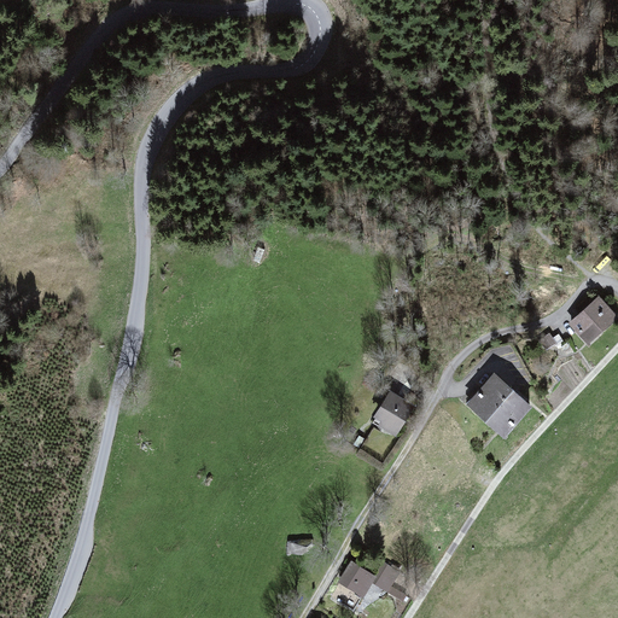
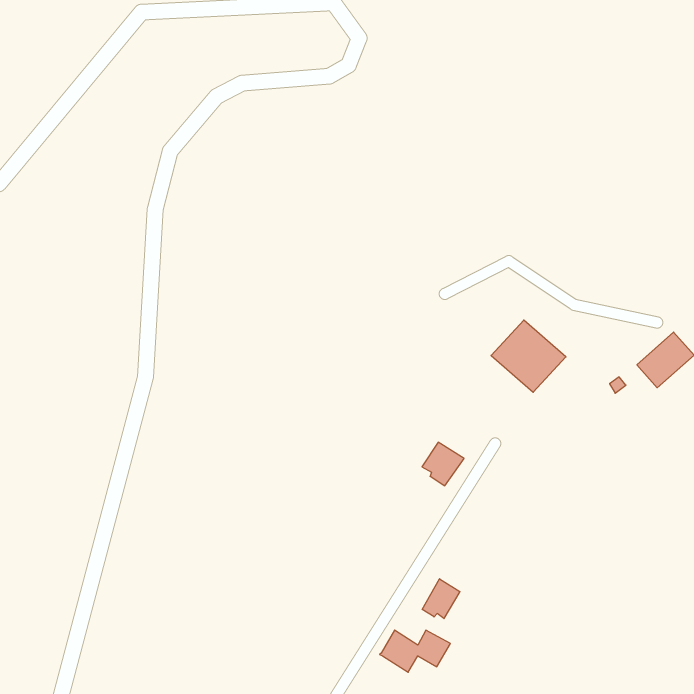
building: [465,373,531,437] -> [491,320,566,392]
building: none -> [422,579,460,619]

